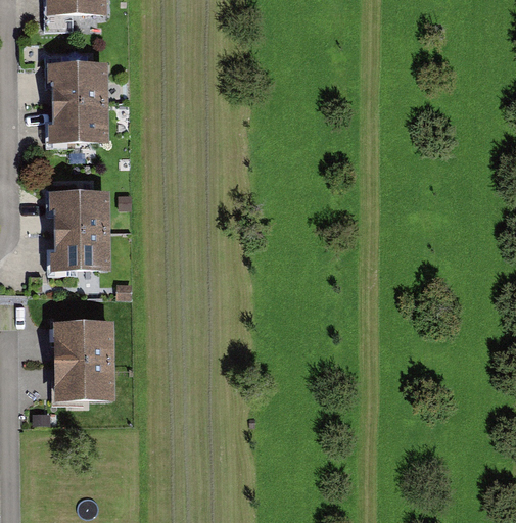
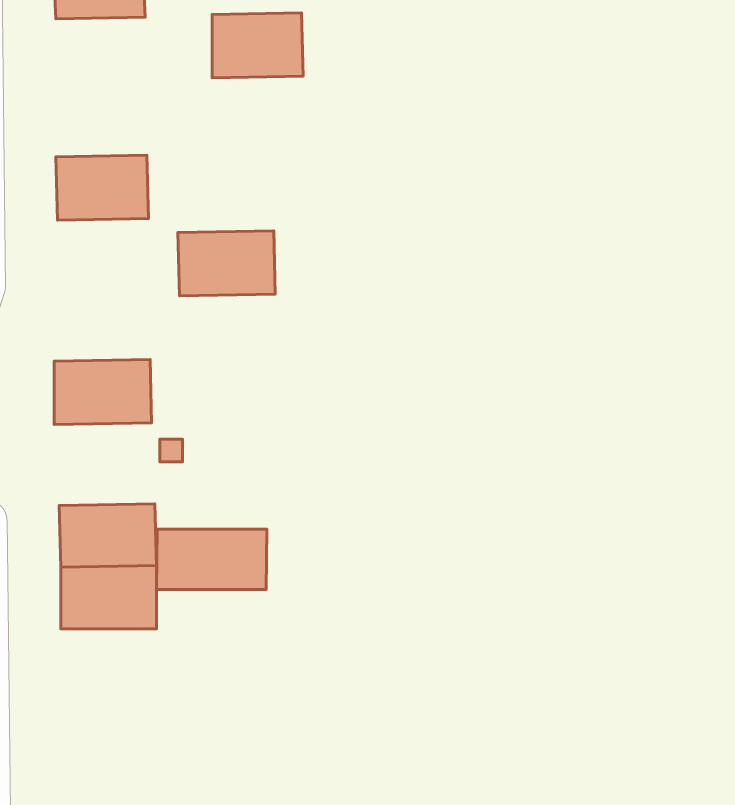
building: [50,61,107,102] -> [212,13,303,78]
building: [48,190,109,231] -> [178,231,275,296]
building: none -> [157,529,267,590]

